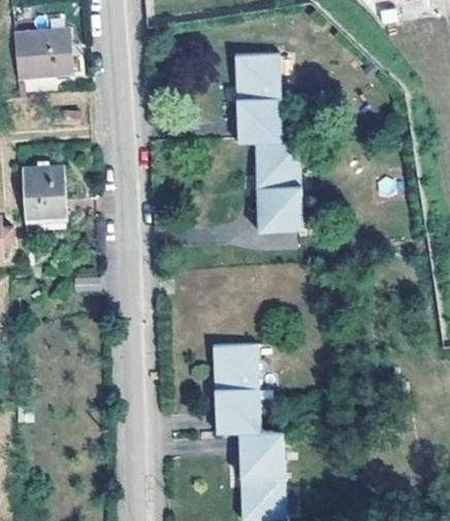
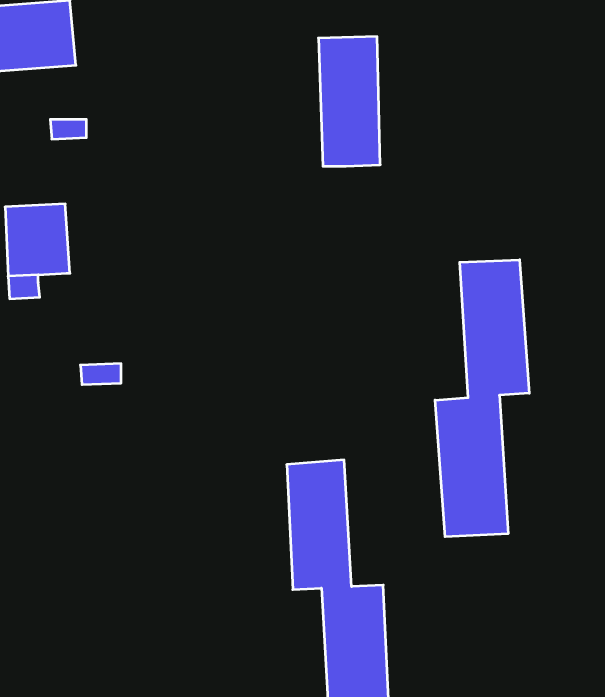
building: [256,141,301,231] -> none
building: none -> [435,260,529,537]

